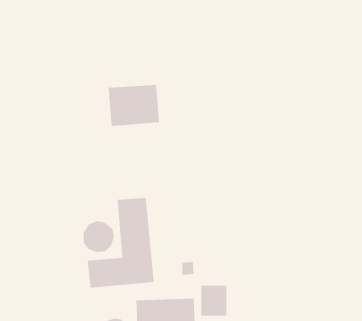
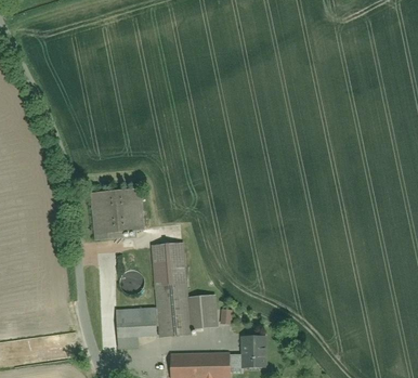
building: [108,85,160,126] -> [90,190,146,235]
building: none -> [188,295,217,330]

